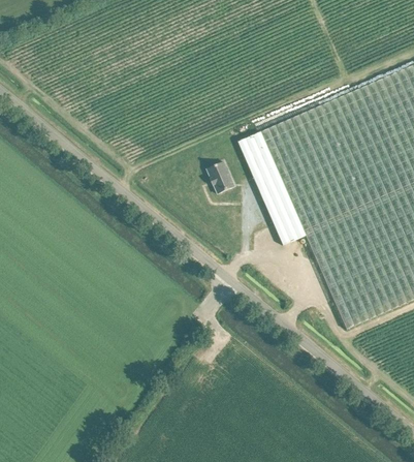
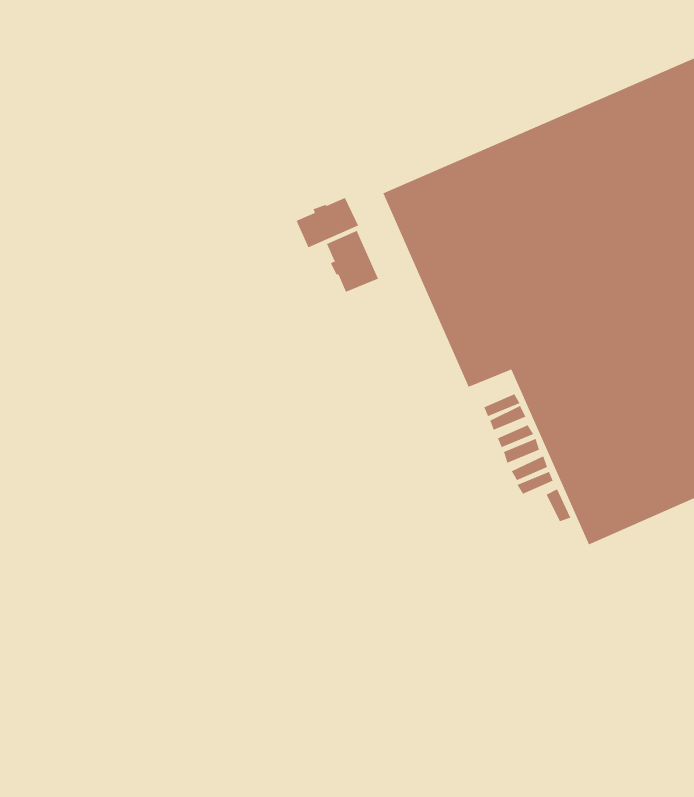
building: none -> [296,197,359,248]

